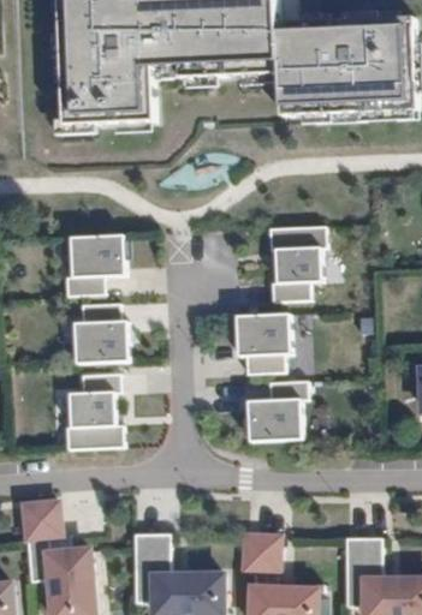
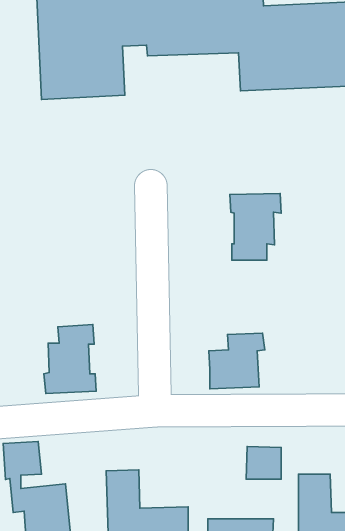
building: [64,235,124,297] -> none
building: [77,304,131,365] -> none
building: [234,315,291,376] -> none
building: [243,533,281,569] -> [246,446,281,479]

